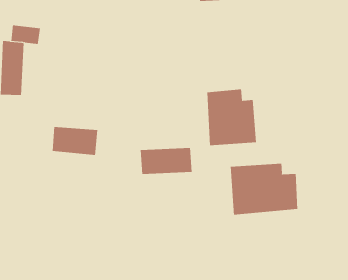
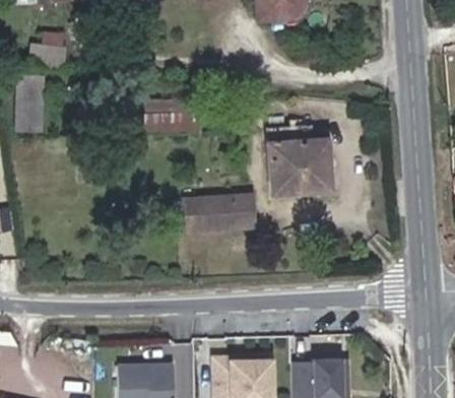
building: [52,127,98,155] -> [142,95,199,131]
building: [230,163,298,215] -> none

